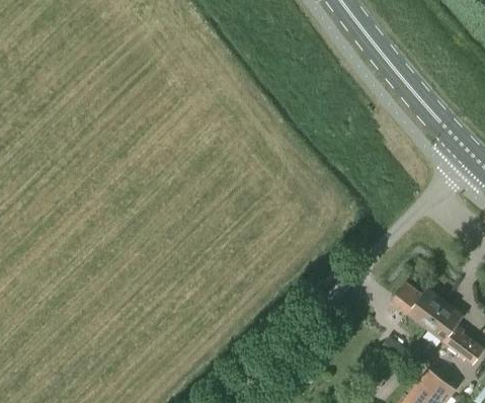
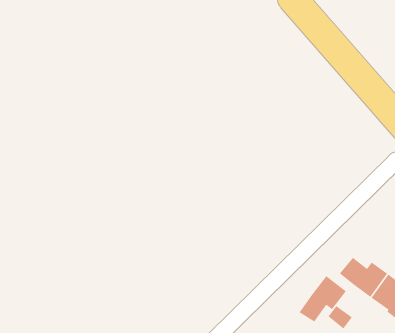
building: none -> [298,275,347,323]

